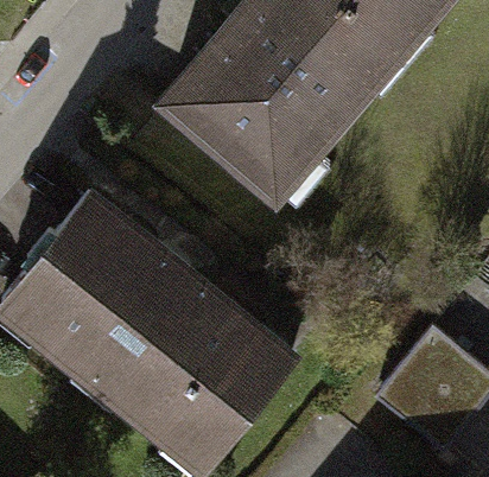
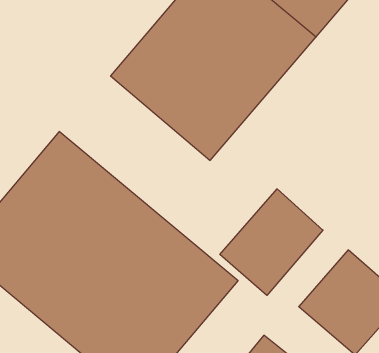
building: none -> [220,189,323,295]

